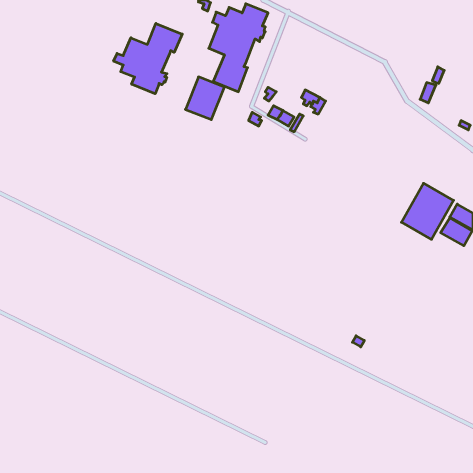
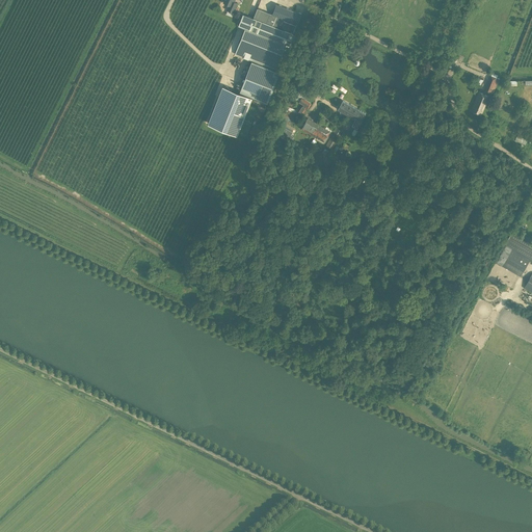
building: [114,23,182,94] -> none
building: [401,183,454,239] -> none

